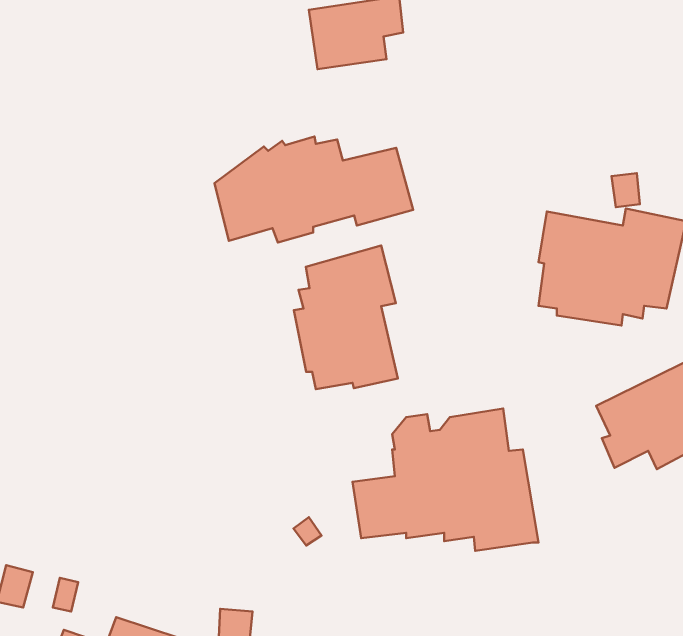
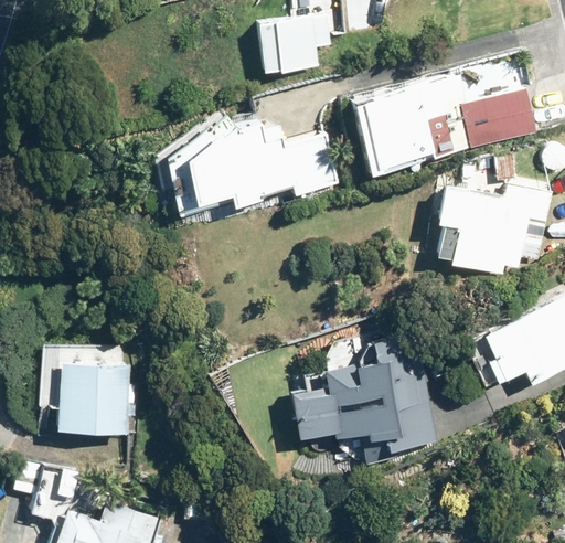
building: none -> [352,75,537,174]
building: [294,246,398,389] -> none
building: none -> [55,364,134,434]

